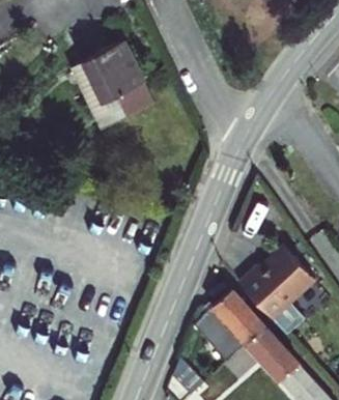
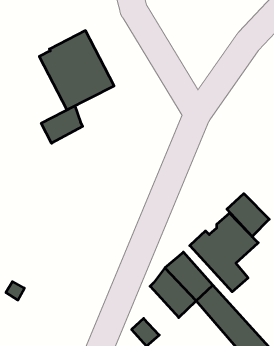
building: none -> [41,106,83,143]
building: none -> [227,194,269,237]

